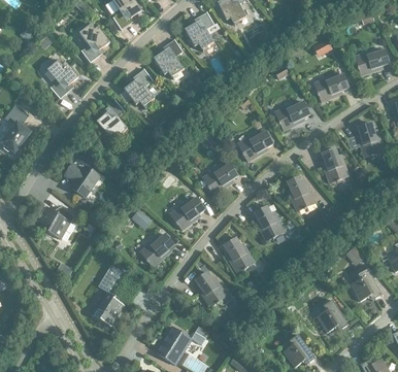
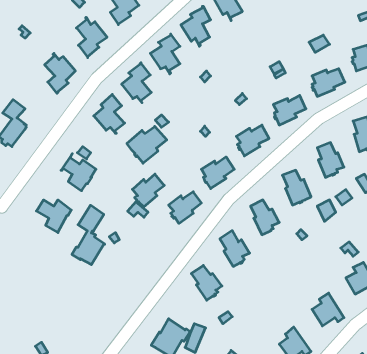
building: none -> [127,126,167,163]
building: [141,233,173,266] -> [132,174,164,207]
building: [91,265,124,325] -> [72,205,105,265]

